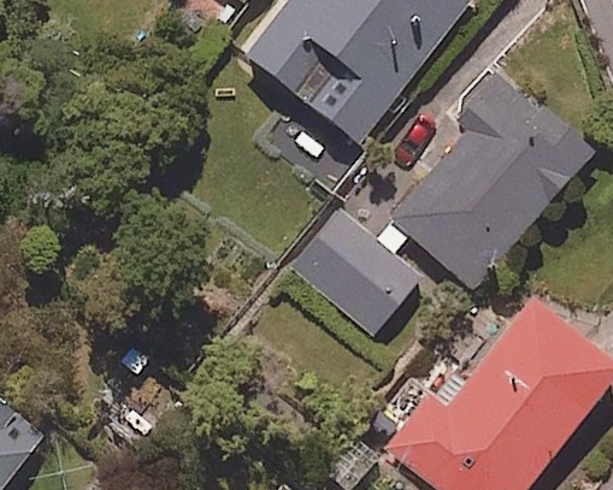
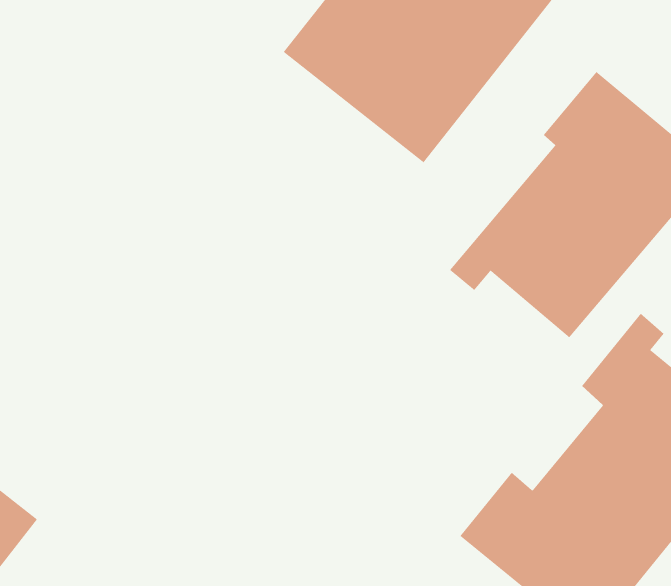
building: [294,207,422,331] -> none

